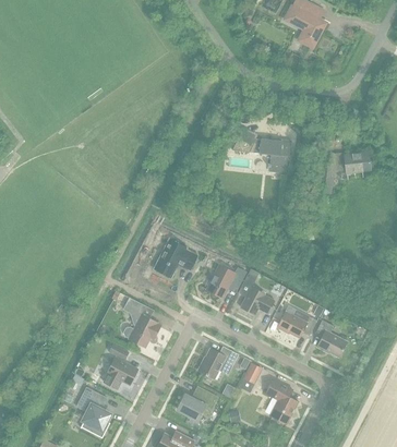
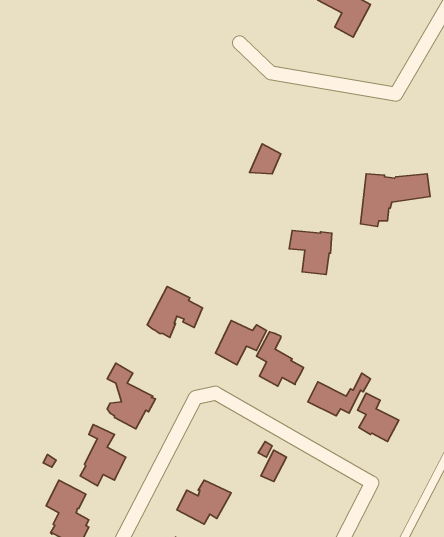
building: [258,138,291,172] -> [289,230,332,275]
building: [197,346,238,378] -> none
building: [265,378,298,423] -> none

